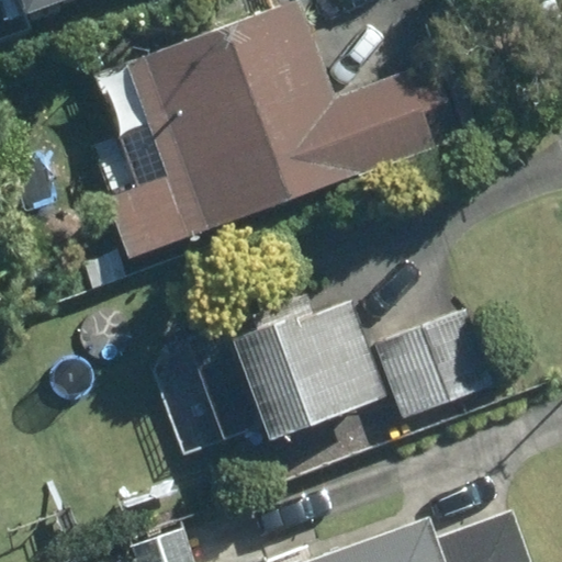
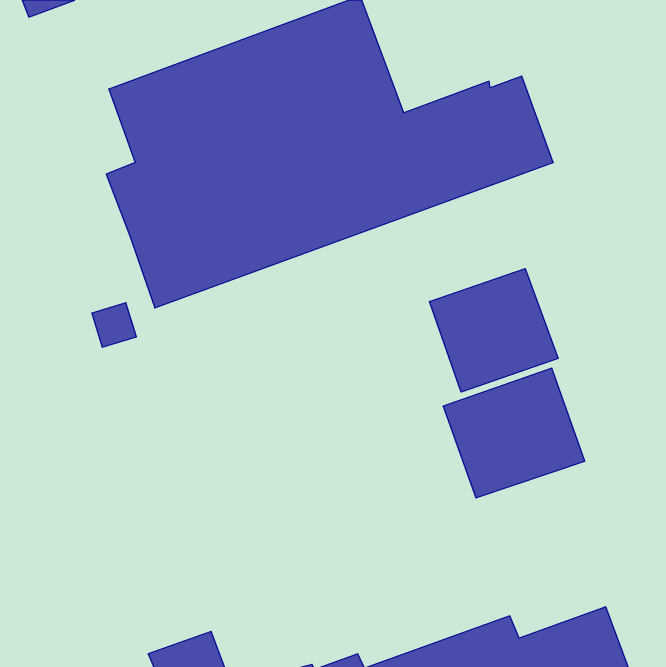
building: none -> [430,269,558,392]
building: [183,297,383,445] -> none

